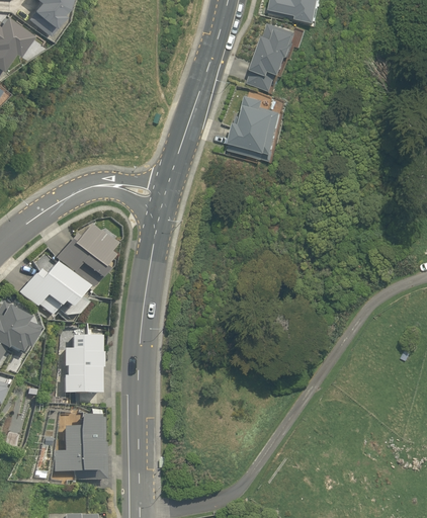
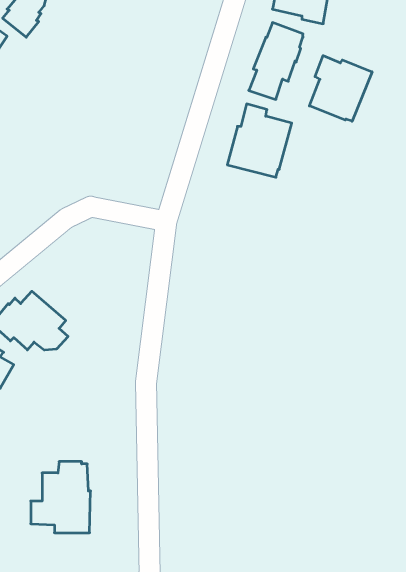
building: none -> [309,56,372,121]
building: [55,225,114,287] -> none
building: [63,335,102,393] -> none

